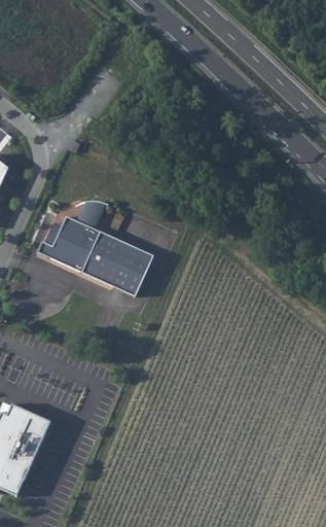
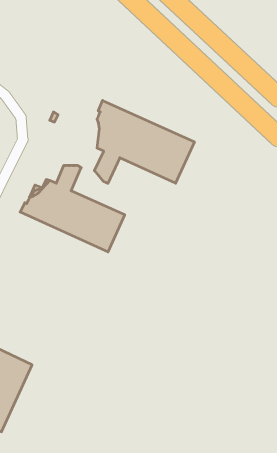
building: none -> [94,100,194,183]

